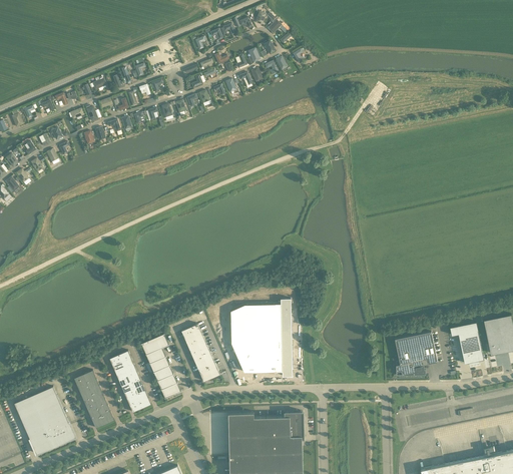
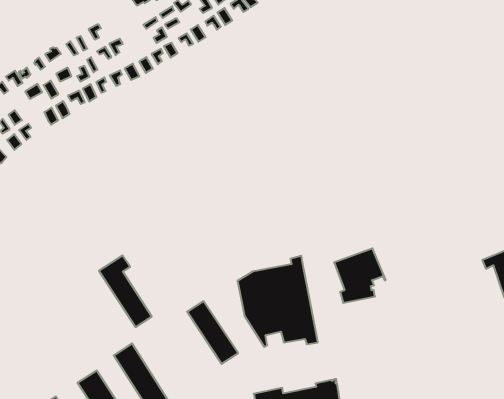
building: [394,332,437,376] -> [334,248,386,303]
building: [140,334,180,399] -> [99,256,152,327]

